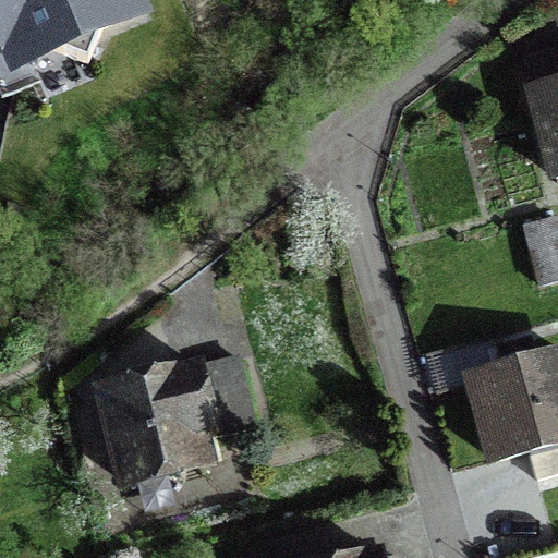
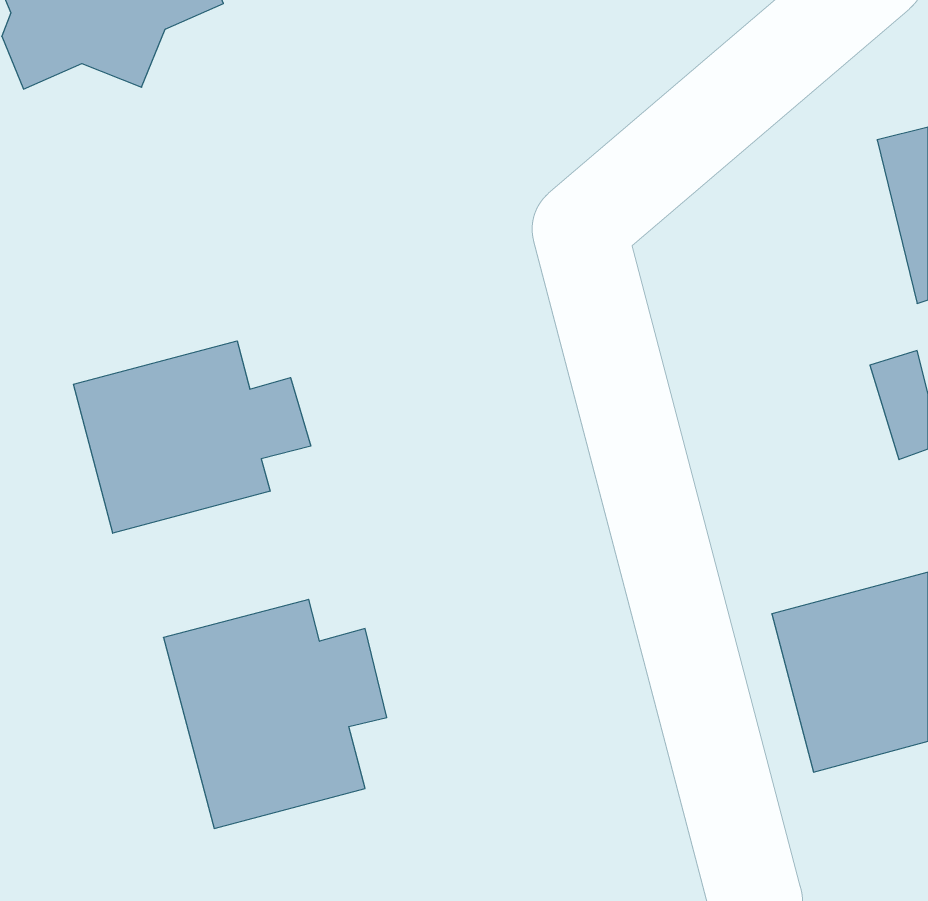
building: none -> [74,341,311,533]

